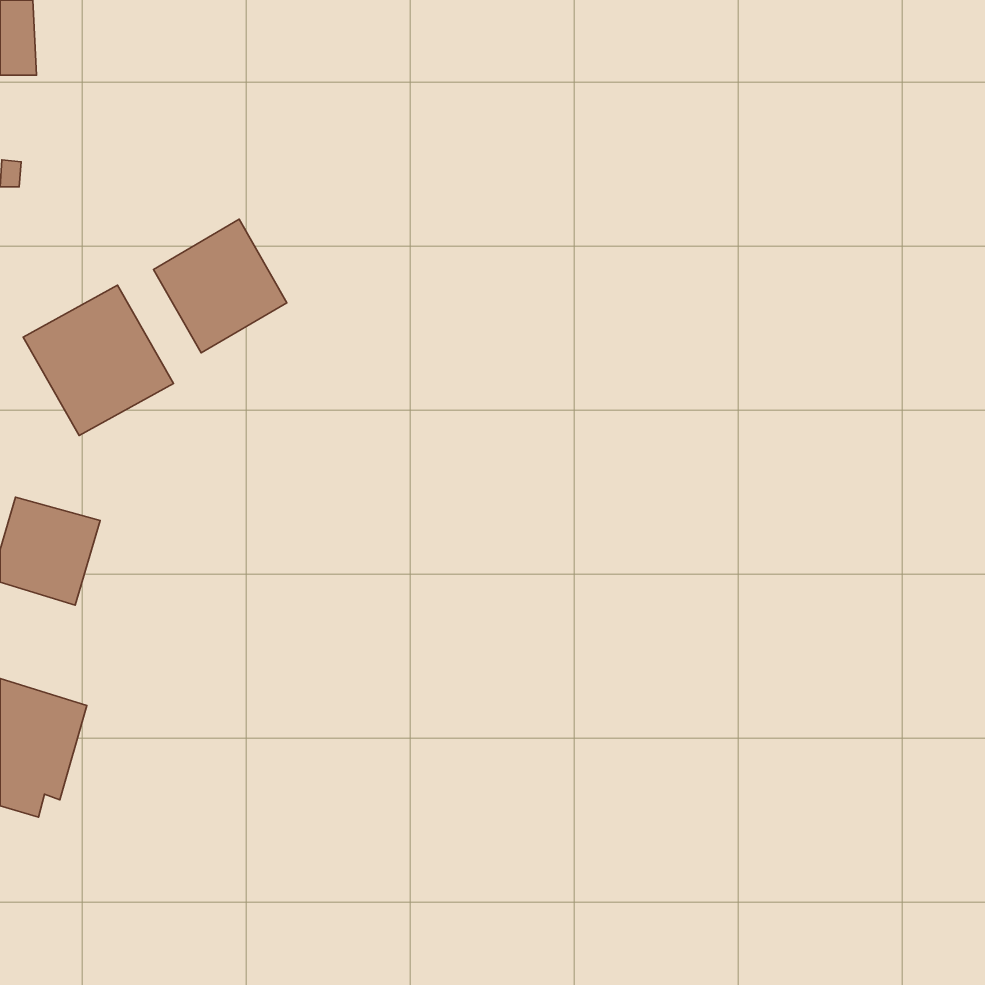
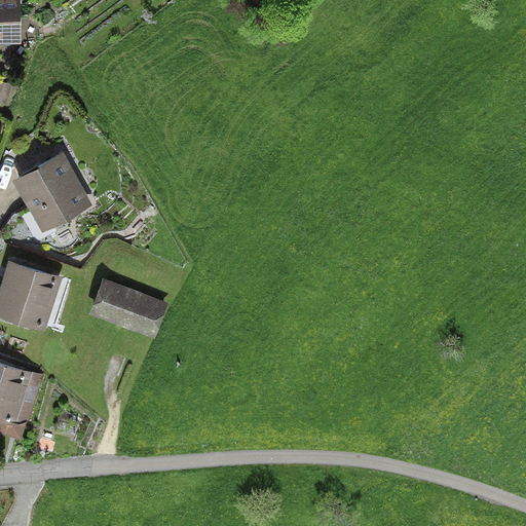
building: [153,219,287,353] -> none
building: none -> [85,277,162,334]

